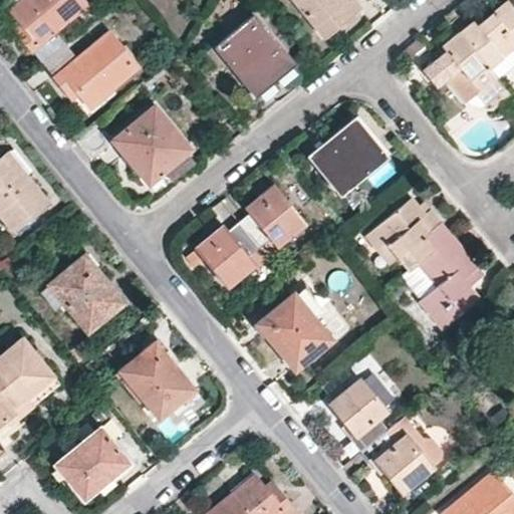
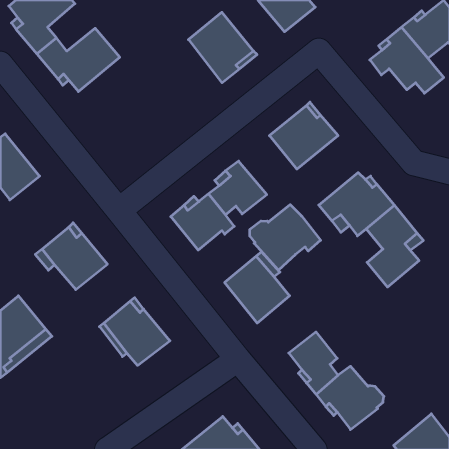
building: [113,106,190,183] -> none
building: none -> [250,205,321,270]
building: [55,427,130,498] -> none

